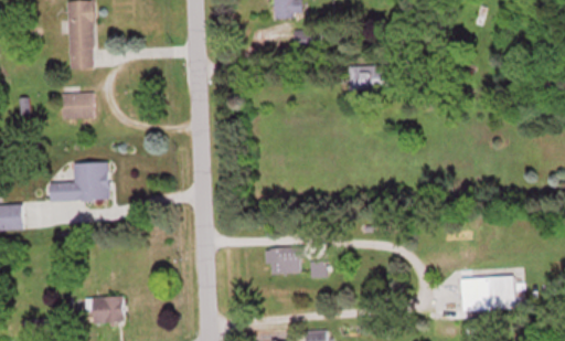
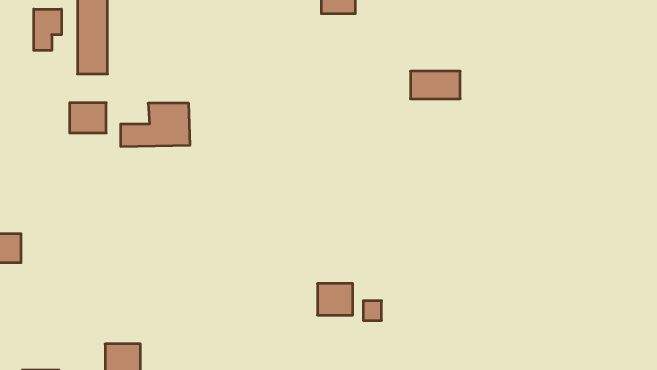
building: none -> [34,9,61,50]
building: [50,164,108,201] -> [121,103,190,146]
building: [461,276,515,310] -> none

